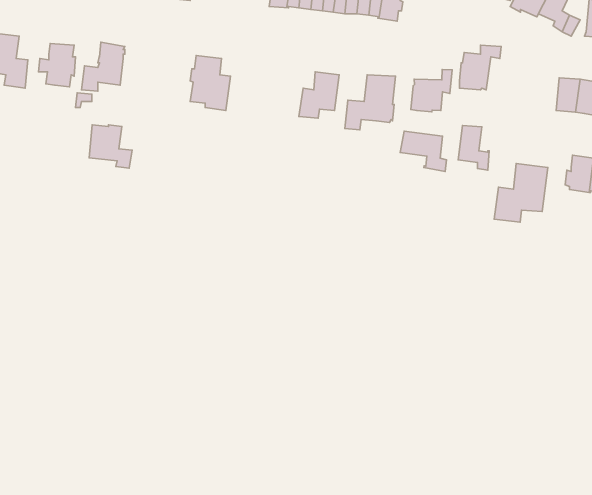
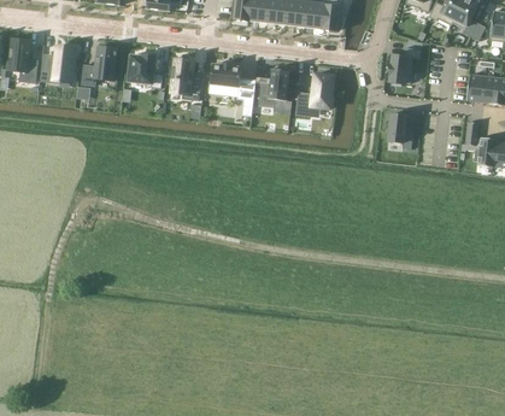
building: none -> [210,63,256,115]
building: [411,70,452,112] -> none
building: [89,125,132,168] -> [129,53,164,88]
building: [400,131,447,171] -> none
building: [494,164,548,222] -> none

